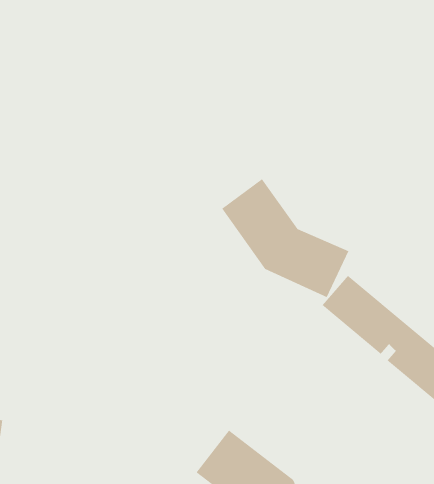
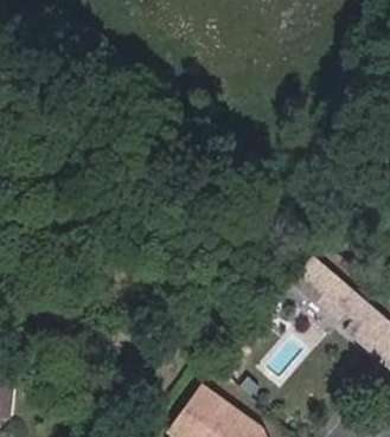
building: [221,178,350,298] -> none

